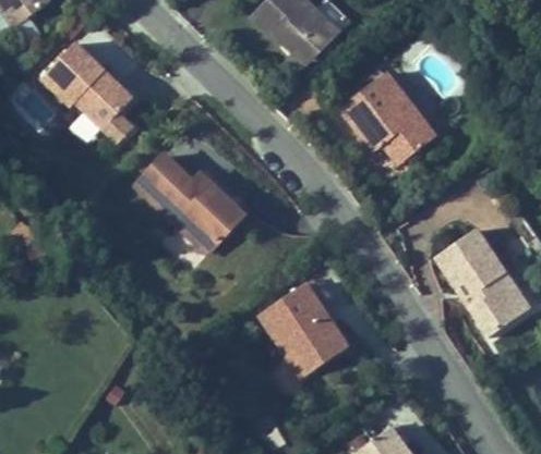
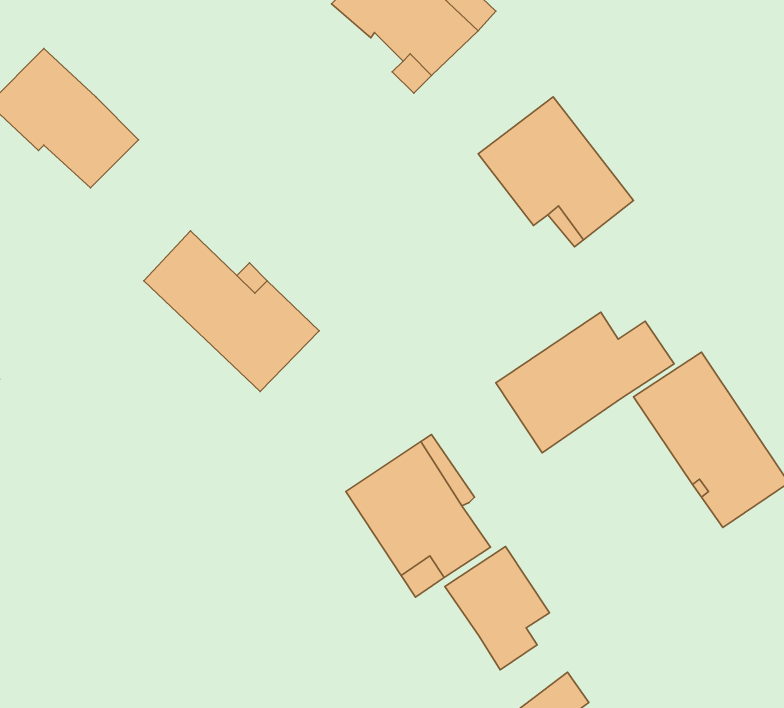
building: none -> [496,312,674,453]
building: none -> [445,547,550,670]

